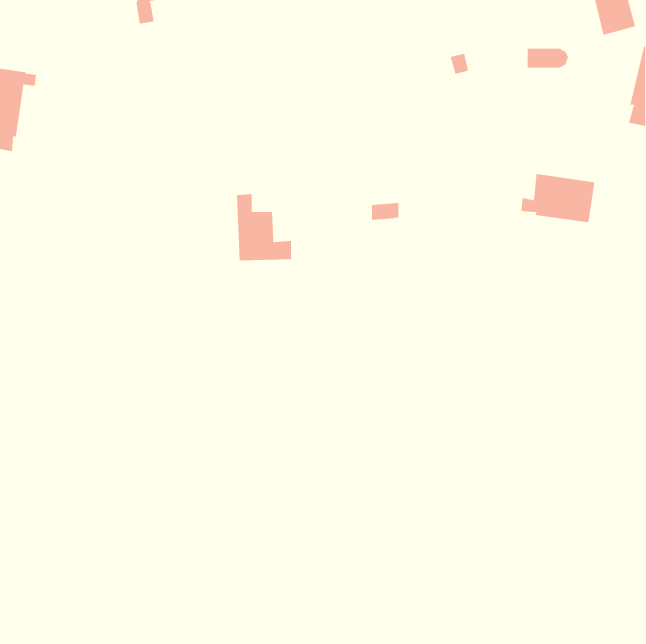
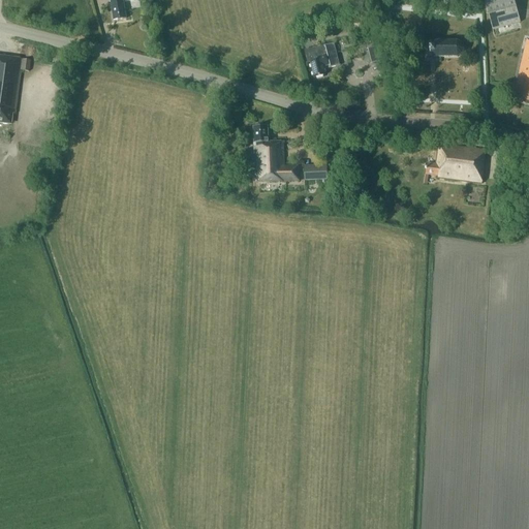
building: none -> [307,42,337,76]
building: [236,194,292,261] -> [253,125,299,180]

